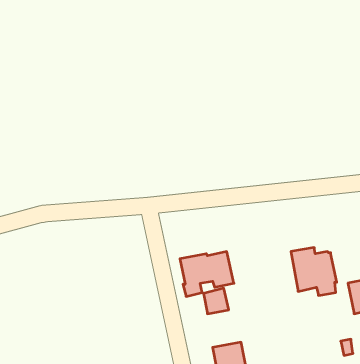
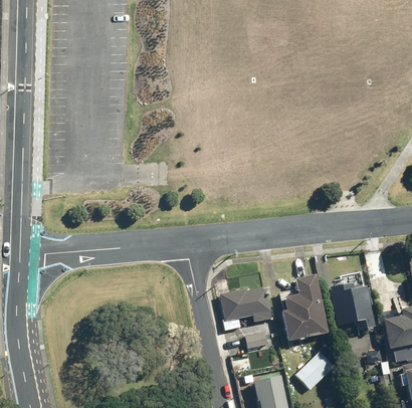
building: none -> [280,274,327,341]
building: none -> [295,351,334,390]

